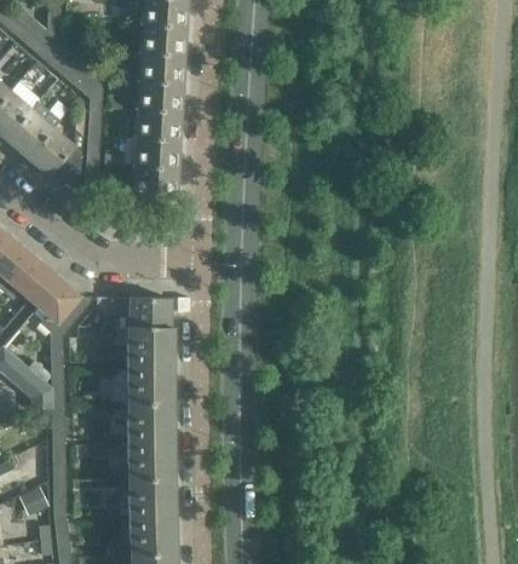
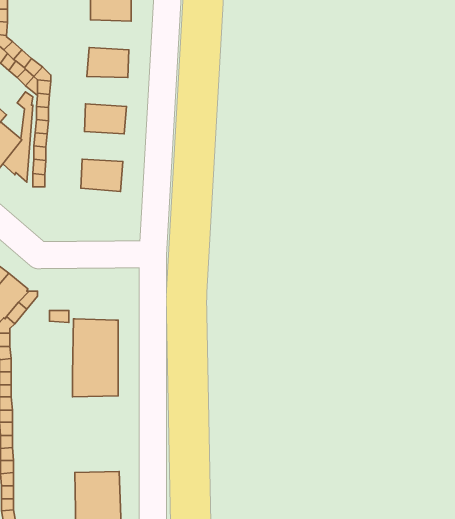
building: [142,24,184,54] -> none
building: [138,81,180,111] -> none
building: [134,137,177,167] -> none
building: [127,297,168,327] -> none
building: [125,403,172,480] -> none

